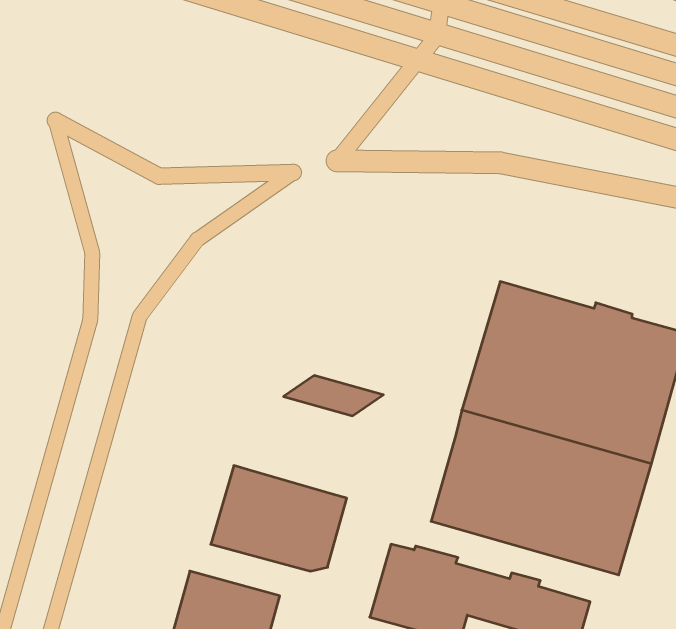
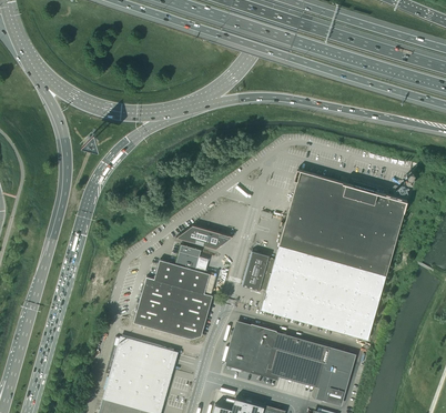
building: none -> [154,245,210,294]
building: none -> [243,253,275,291]

